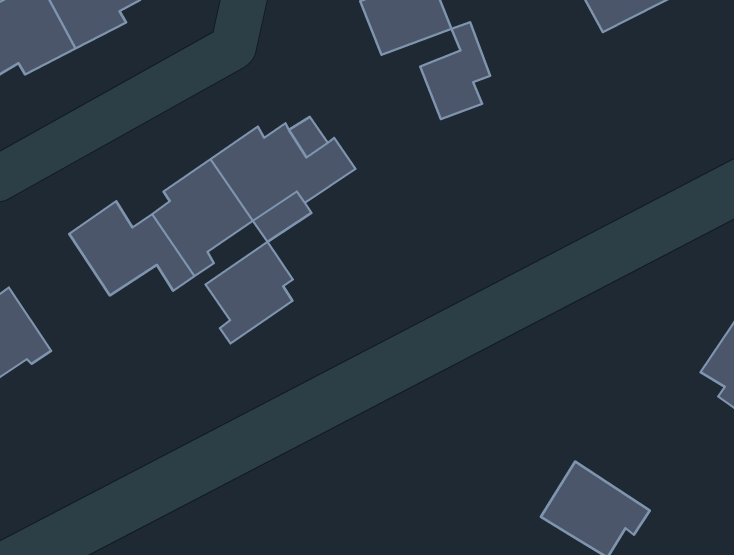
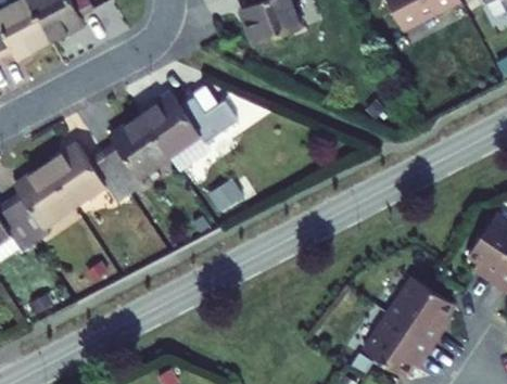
building: [420,22,490,119] -> none
building: none -> [7,164,74,242]
building: [206,242,293,343] -> none
building: none -> [384,282,451,348]

